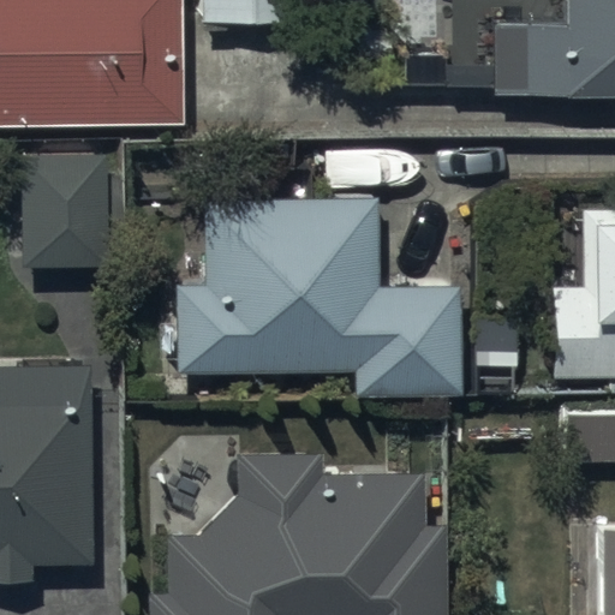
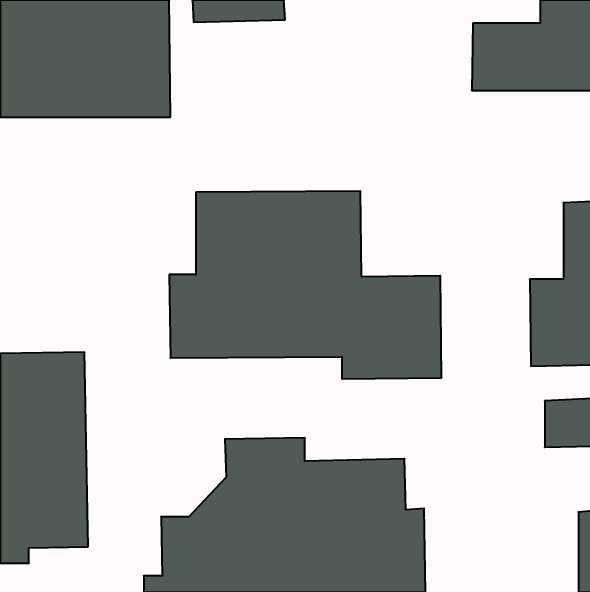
building: [19,154,107,268] -> none

